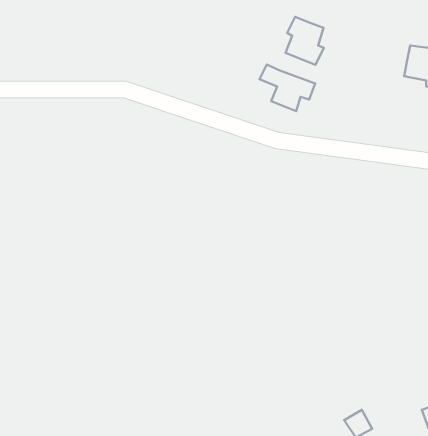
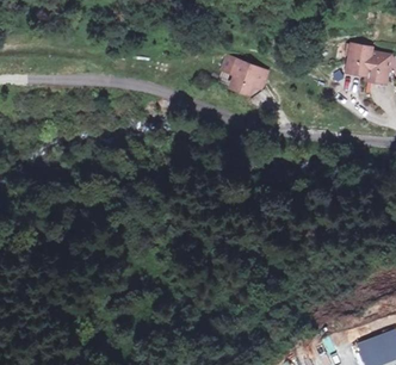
building: [286,17,324,65] -> none

